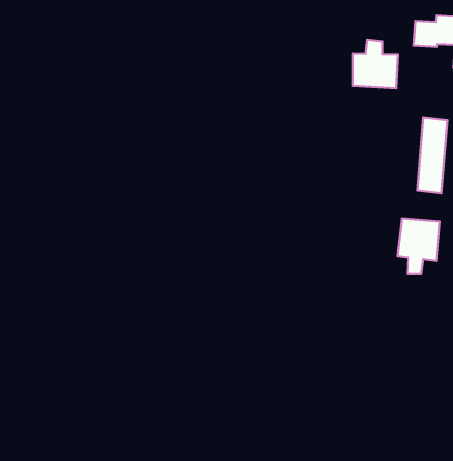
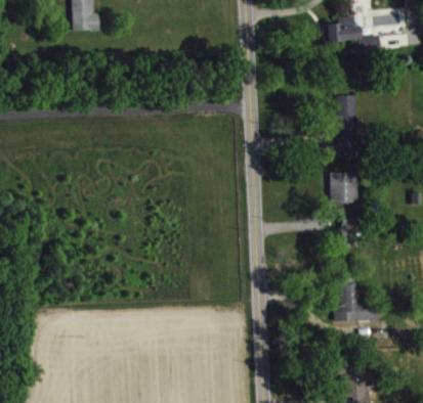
building: [353,40,398,88] -> none
building: none -> [333,279,376,322]

